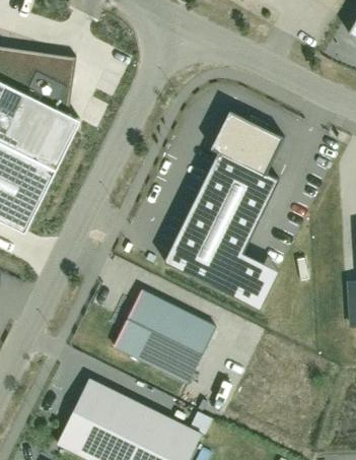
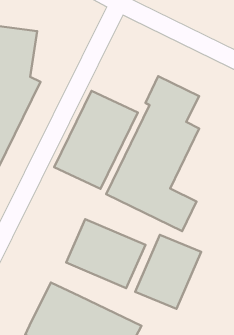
building: none -> [54,91,138,189]
building: none -> [135,235,201,309]

